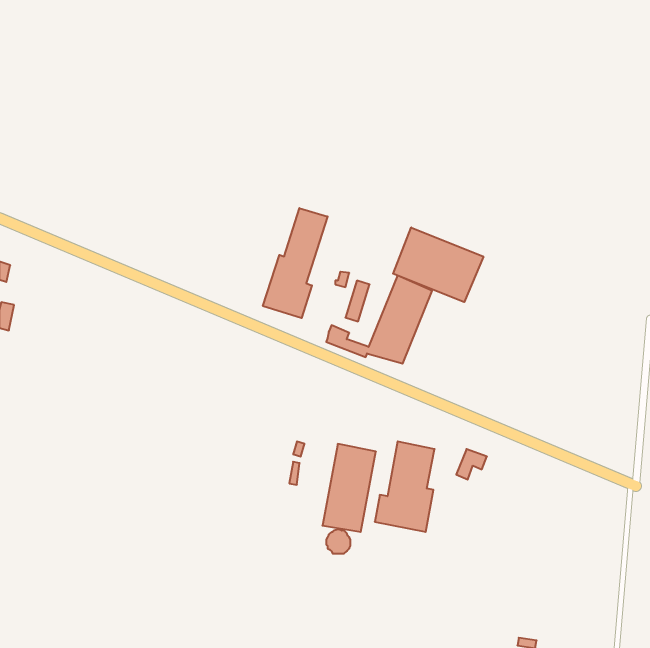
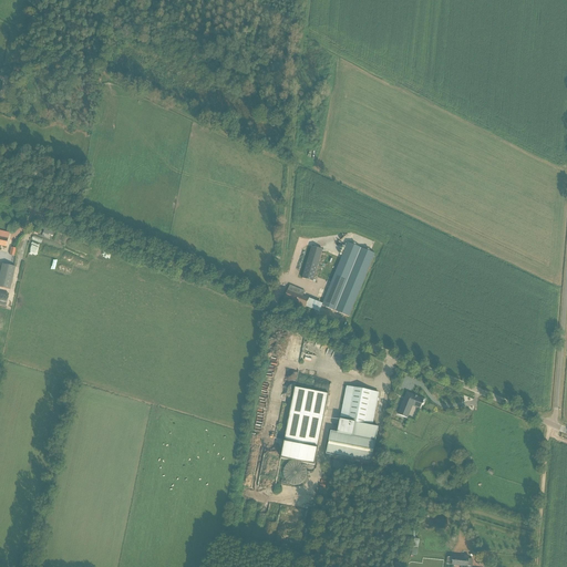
building: [263,208,328,318] -> none
building: [393,227,483,302] -> none

